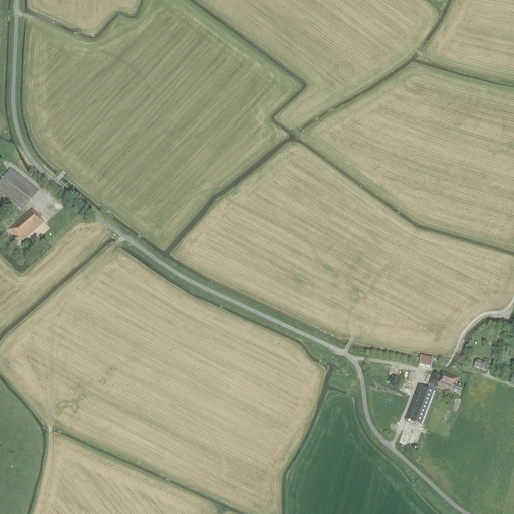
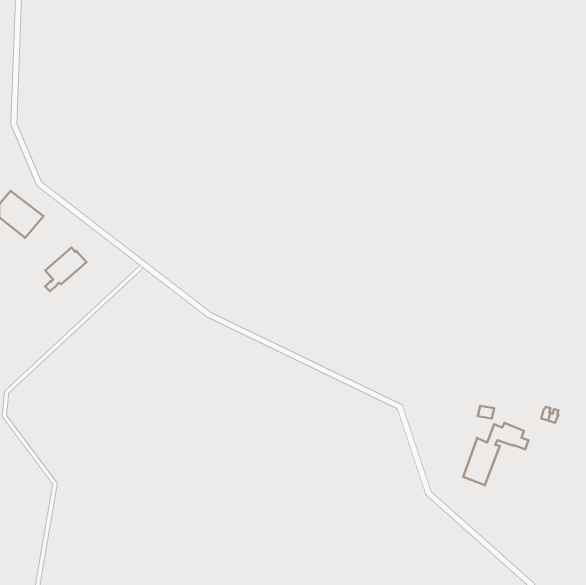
building: [8,207,44,245] -> [45,247,87,291]

